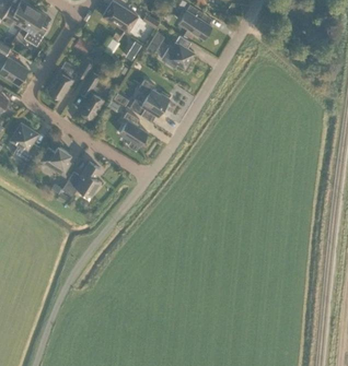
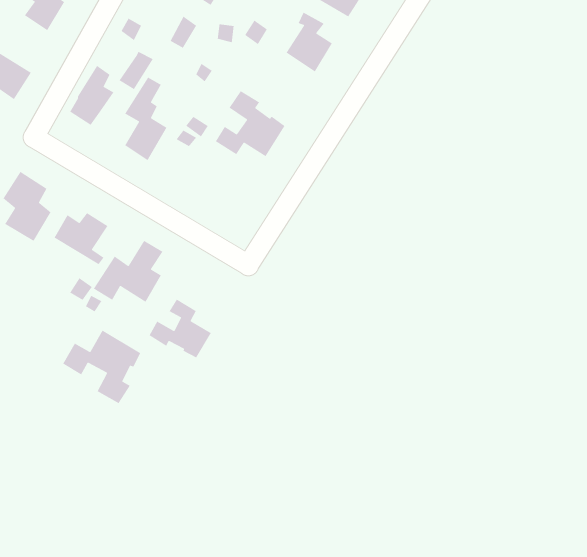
building: [118,110,147,149] -> none
building: none -> [148,299,212,359]
building: none -> [62,330,141,404]

